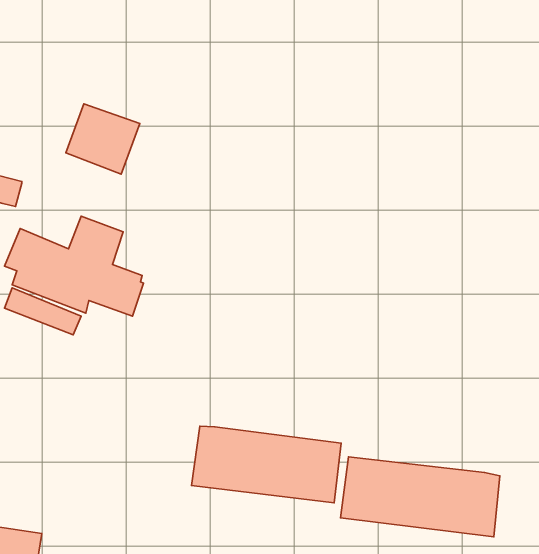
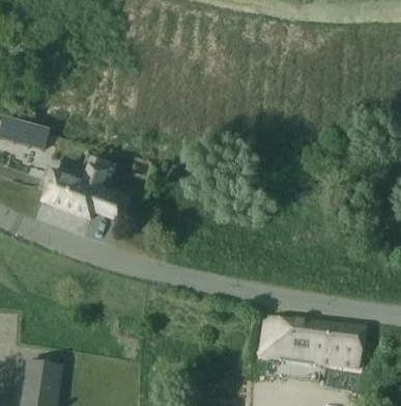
building: [66,104,140,174] -> none
building: [192,426,341,503] -> none

